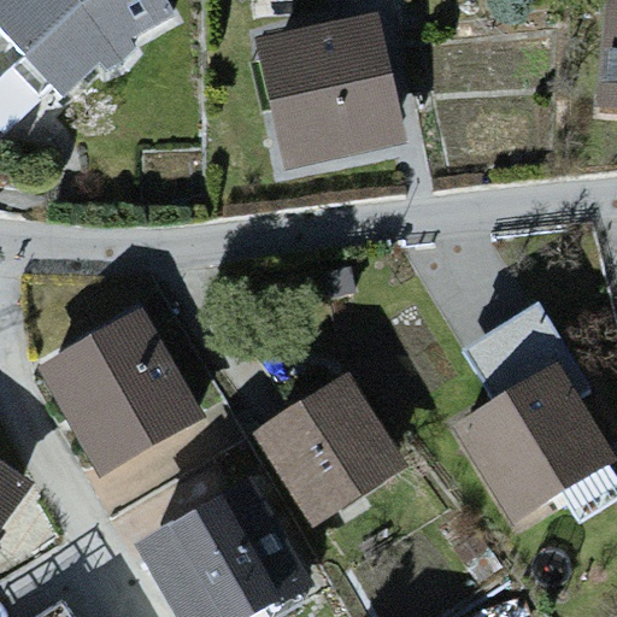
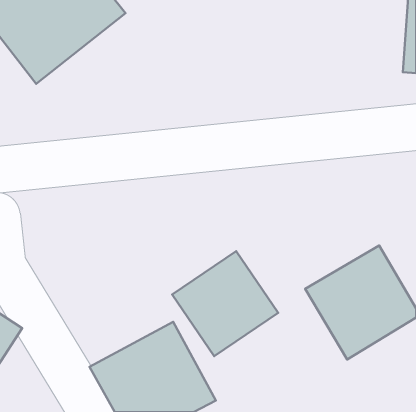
building: [254,13,405,170] -> none
building: [34,306,207,480] -> none

